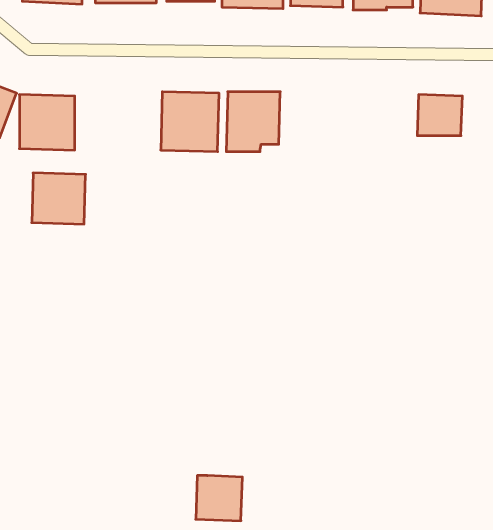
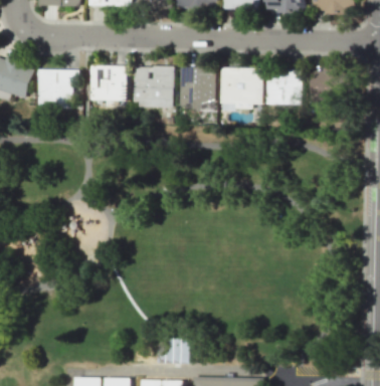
building: none -> [220,67,262,110]
building: none -> [266,70,303,106]
building: [32,173,86,224] -> [88,66,126,102]

